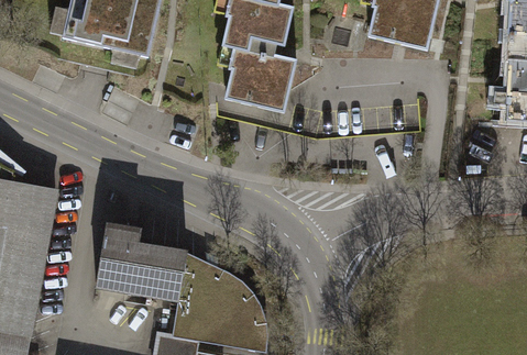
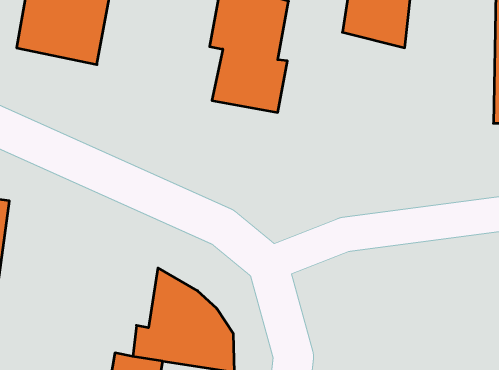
building: [95,223,194,307] -> none

